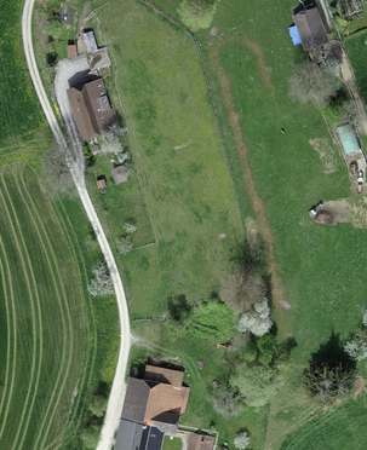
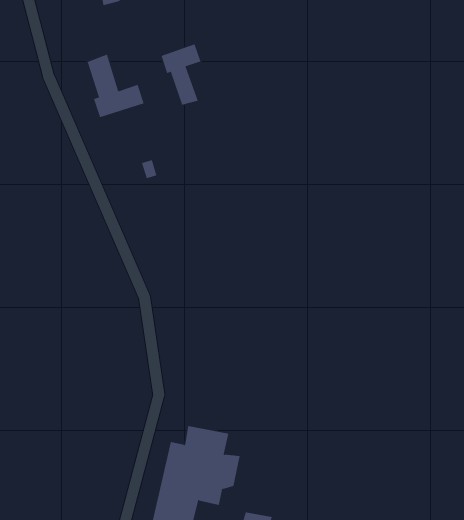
building: none -> [161,44,201,106]

